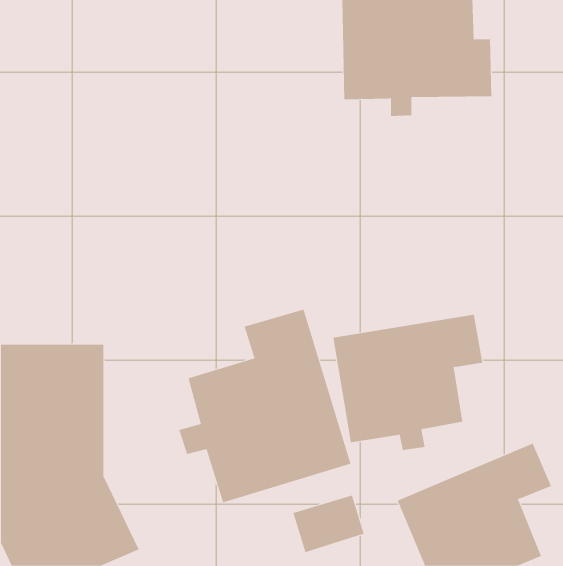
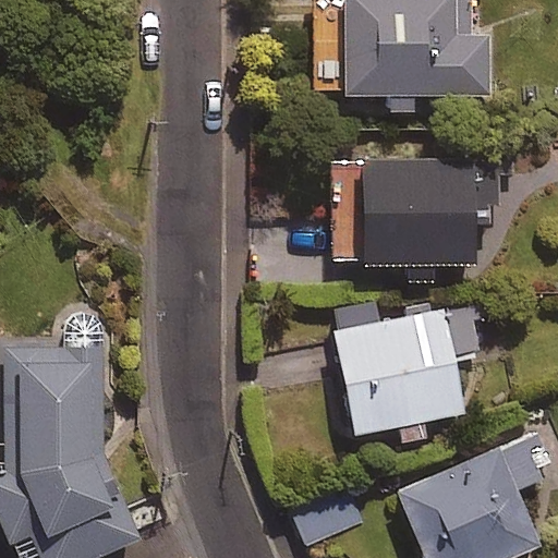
building: none -> [355,157,497,275]
building: [178,309,351,503] -> none

